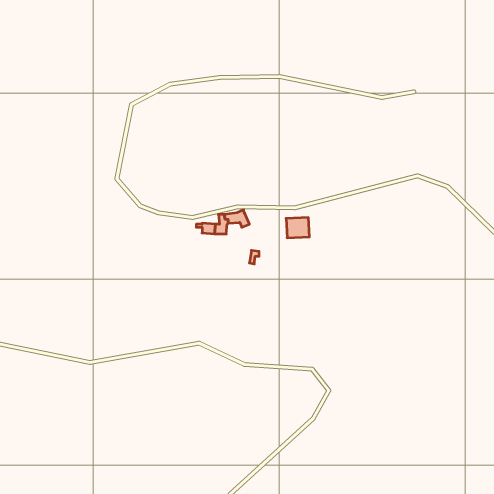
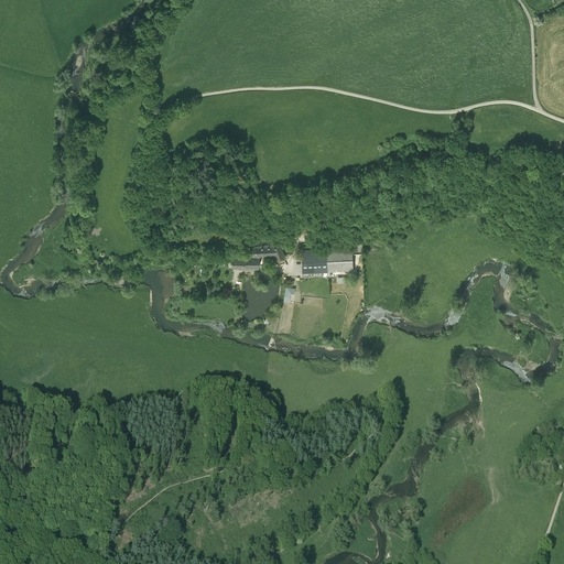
building: none -> [301,249,327,272]

